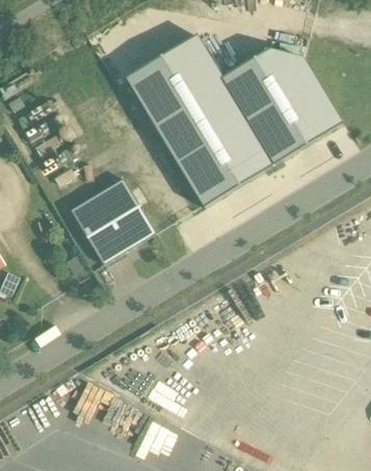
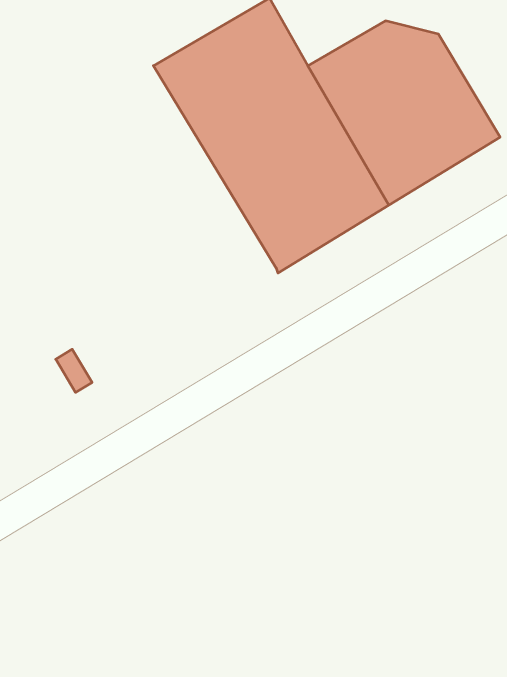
building: [69,177,155,262] -> none

